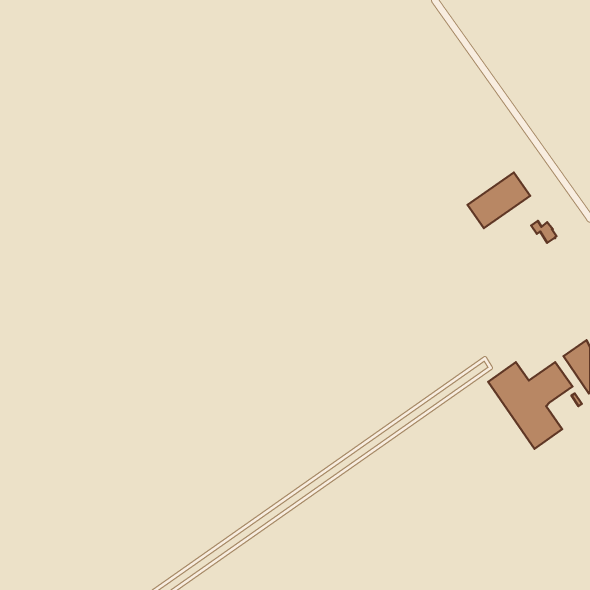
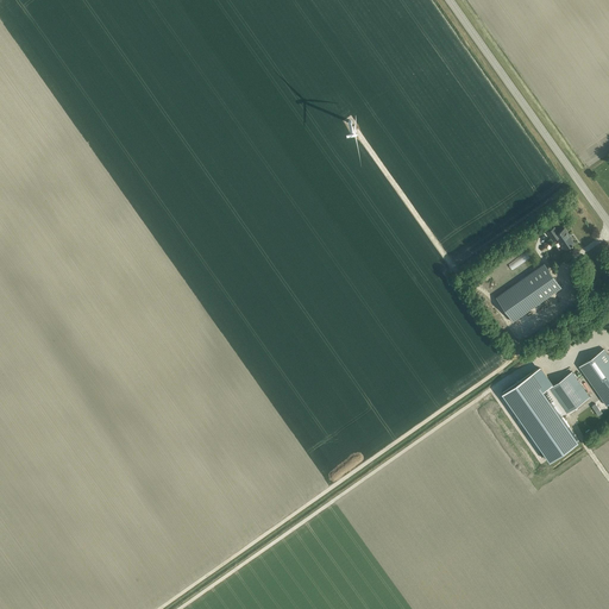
building: [468,173,530,228] -> [495,265,559,322]

